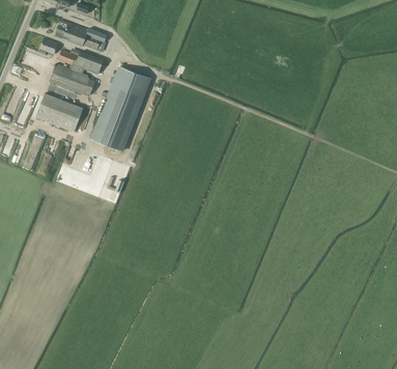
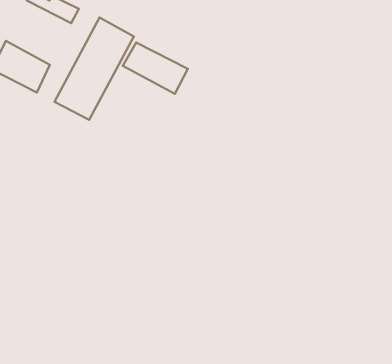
building: [50,64,96,96] -> none
building: none -> [123,43,188,94]

